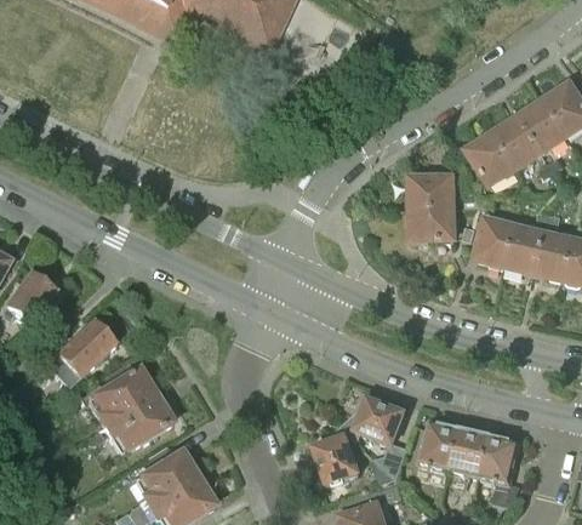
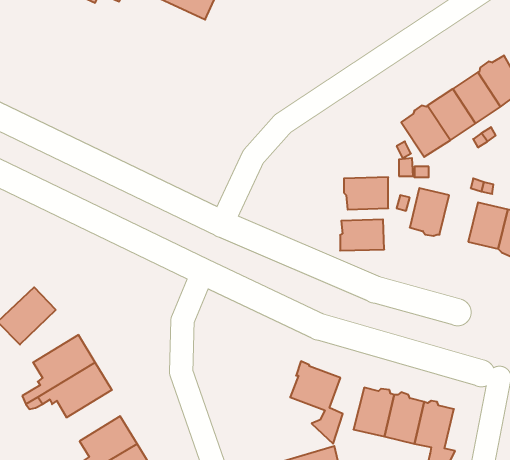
building: [409,176,453,207] -> [340,219,384,251]
building: [506,224,544,272] -> none
building: [313,434,360,485] -> none

